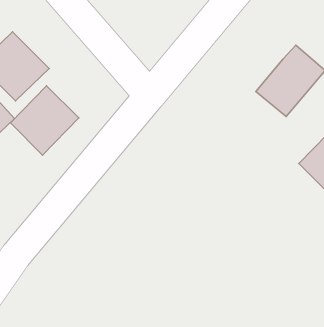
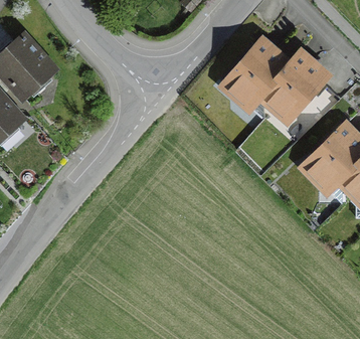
building: none -> [220,37,284,103]
building: [10,86,79,155] -> none

